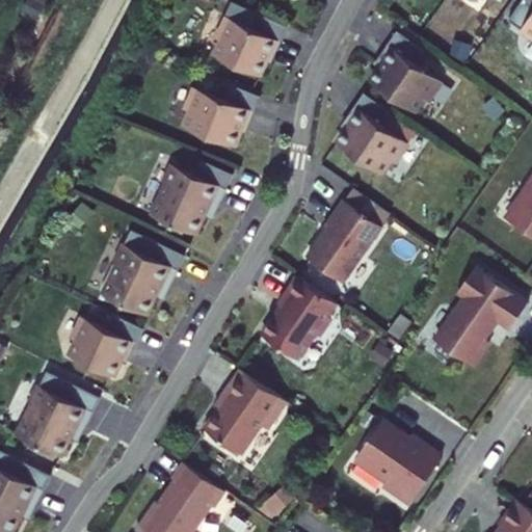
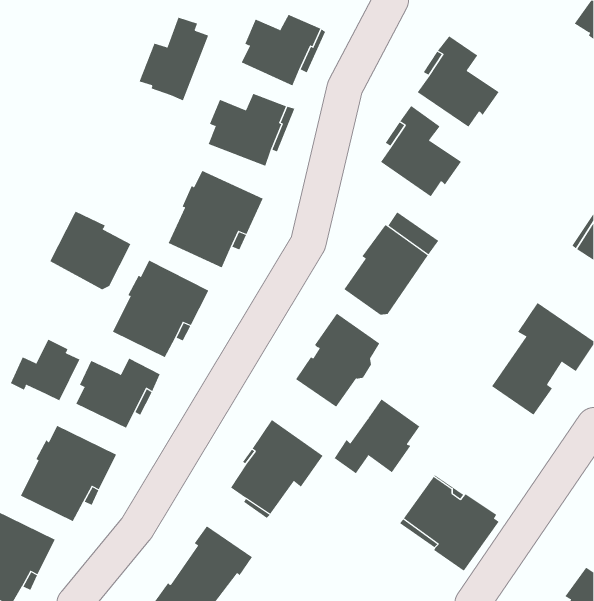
building: none -> [139,17,209,101]
building: none -> [49,211,131,290]
building: none -> [10,339,80,401]
building: none -> [334,399,420,474]

